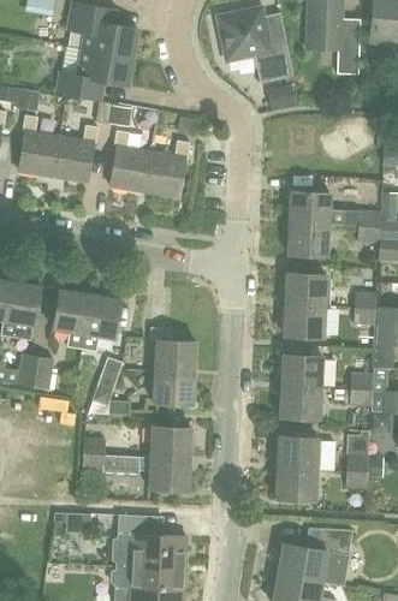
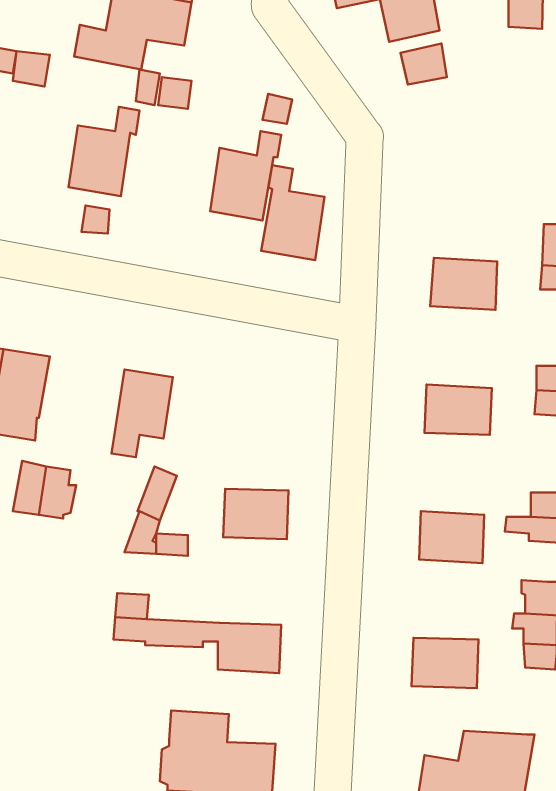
building: [18,115,59,177] -> none
building: [109,131,150,192] -> [261,165,324,260]
building: [289,191,344,226] -> none
building: [284,273,327,307] -> none
building: [52,290,89,349] -> none
building: [150,328,196,373] -> none
building: [280,355,322,388] -> none
building: [150,426,192,459] -> none
building: [275,436,335,470] -> none

